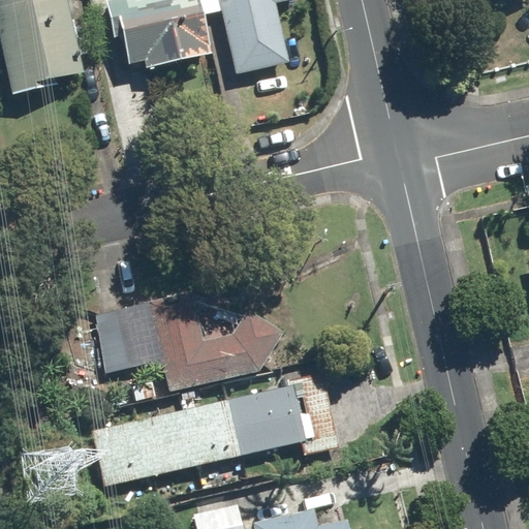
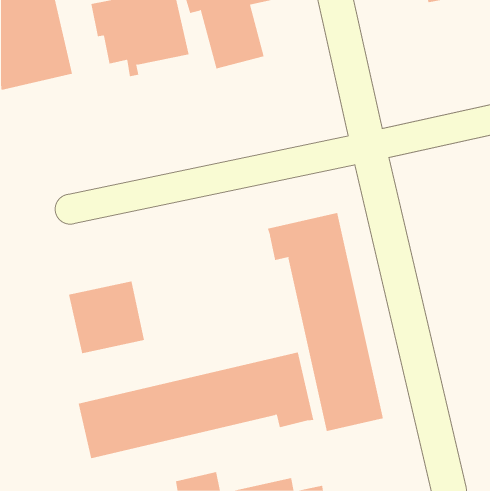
building: none -> [267,212,384,432]
building: [148,289,282,390] -> none

